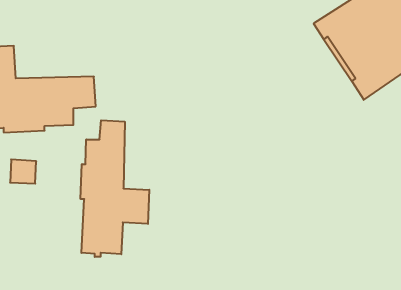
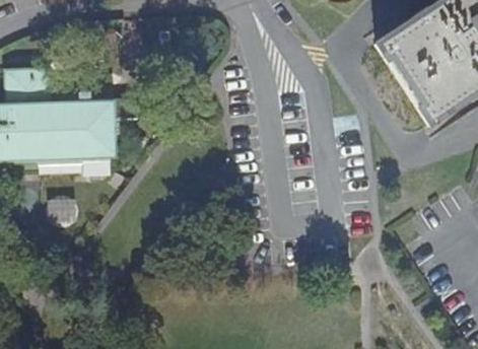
building: [81,120,149,257] -> none

